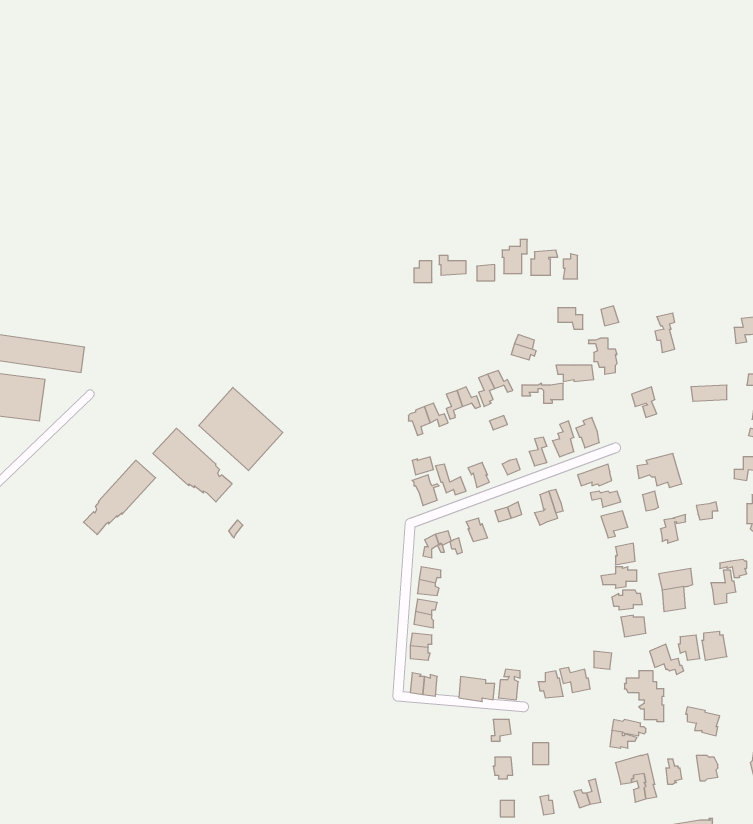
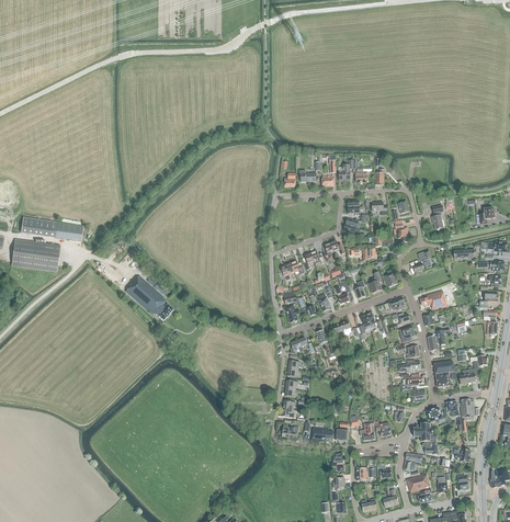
building: [199,387,283,471] -> none
building: [83,460,156,535] -> none

